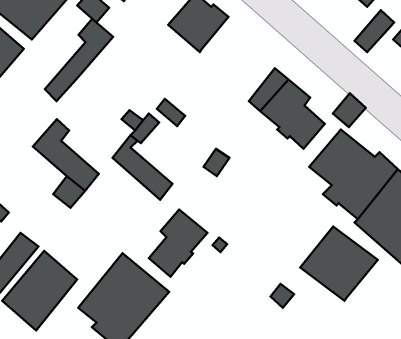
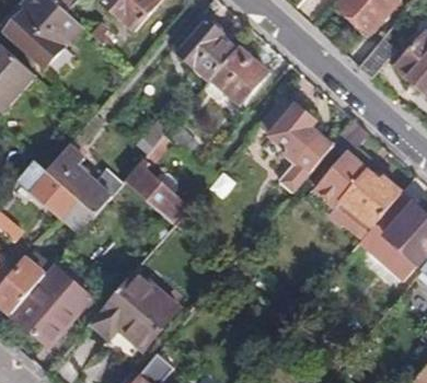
building: none -> [209,44,264,100]
building: [45,19,113,101] -> none
building: none -> [32,169,80,216]
building: [149,210,207,277] -> none
building: [300,226,378,301] -> none

